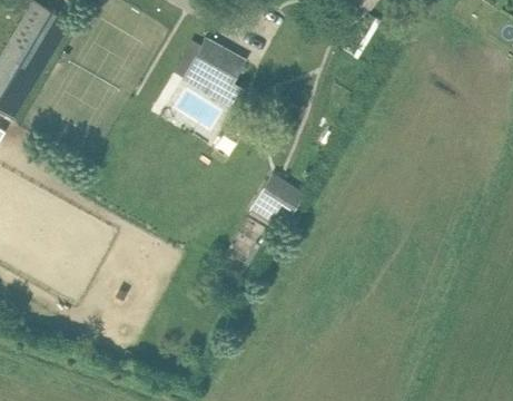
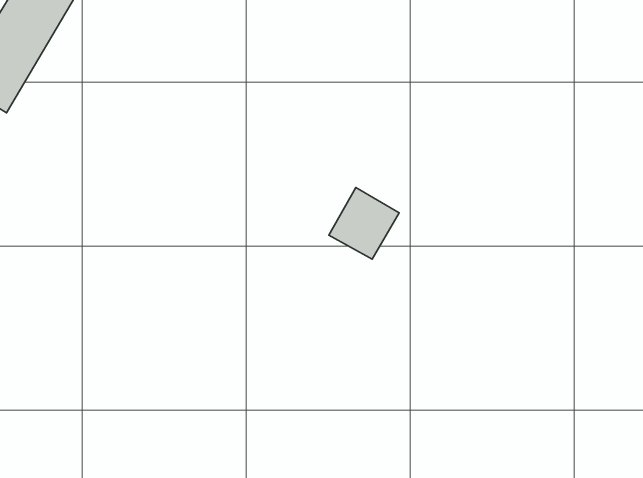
building: [181,37,243,105] -> none

